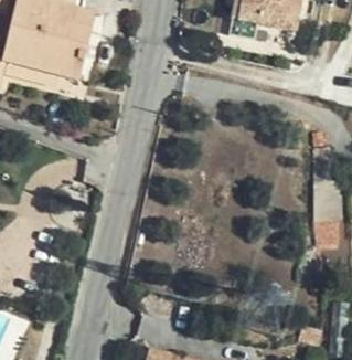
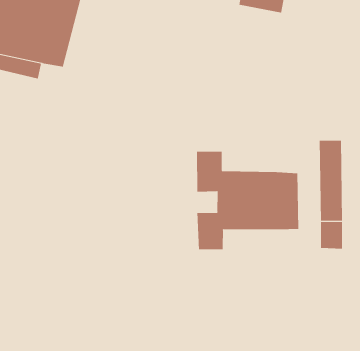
building: none -> [196,151,299,250]

